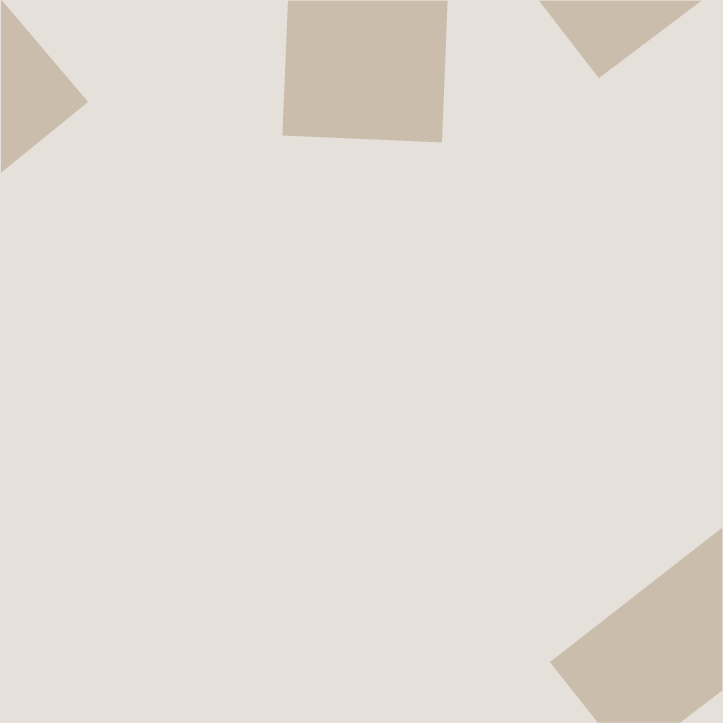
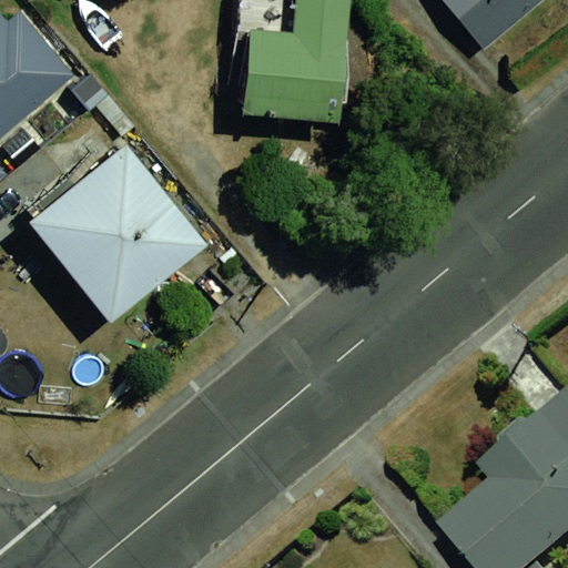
building: none -> [27,129,215,317]

